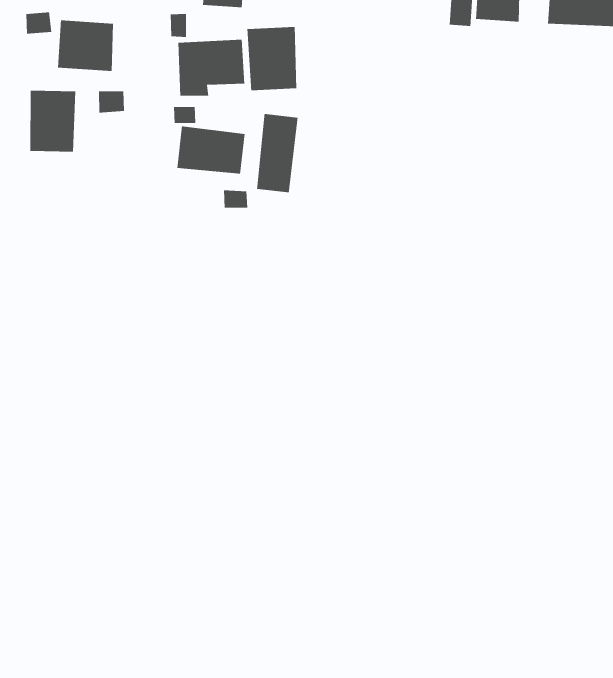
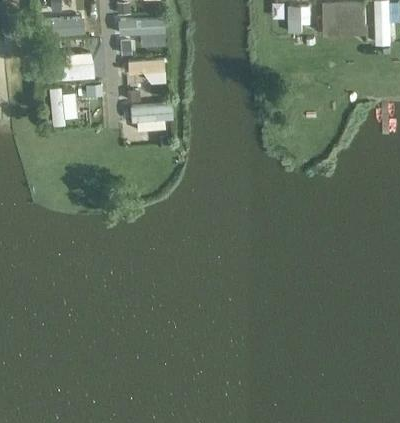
building: [247,26,297,91] -> none
building: [256,113,298,193] -> none

